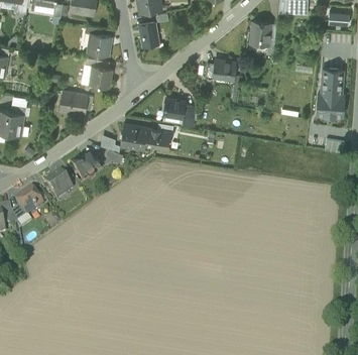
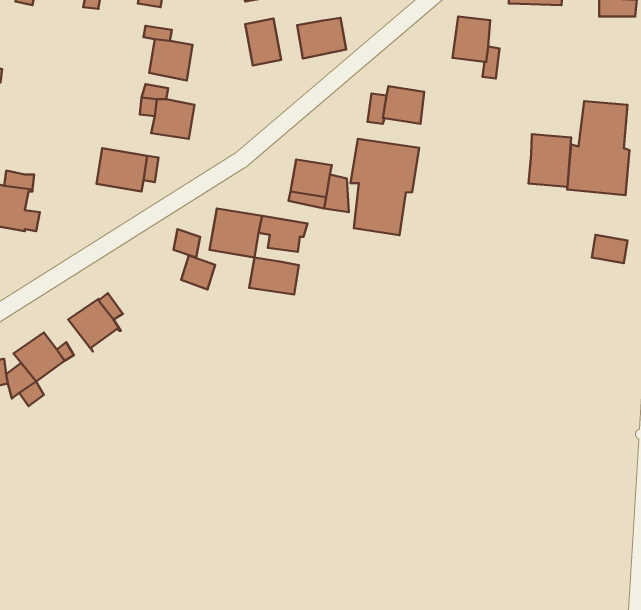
building: none -> [297,18,346,58]
building: none -> [528,134,571,187]
building: none -> [351,139,419,235]
building: none -> [249,257,299,294]
building: [71,151,102,181] -> none

